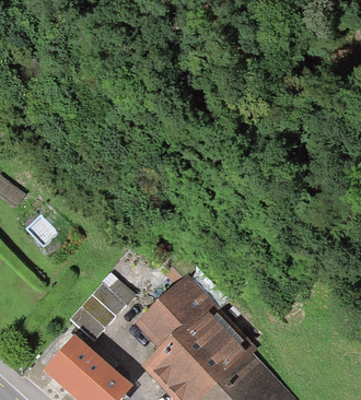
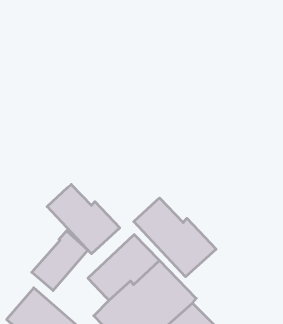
building: none -> [47,184,120,254]
building: none -> [134,198,216,277]

